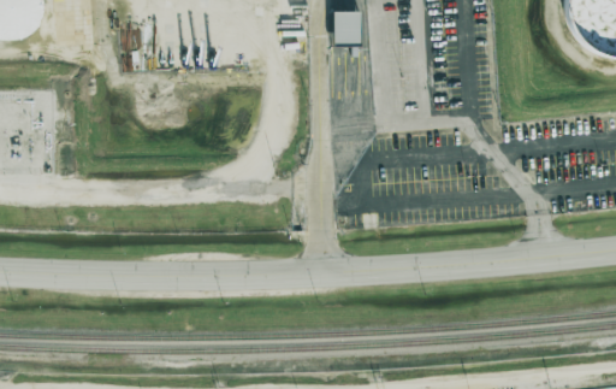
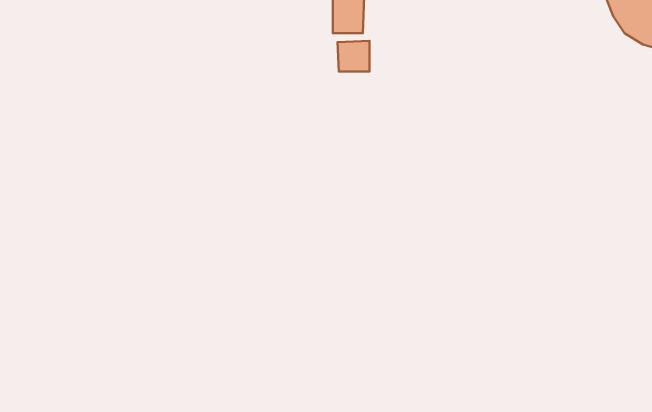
building: none -> [337,41,369,72]

